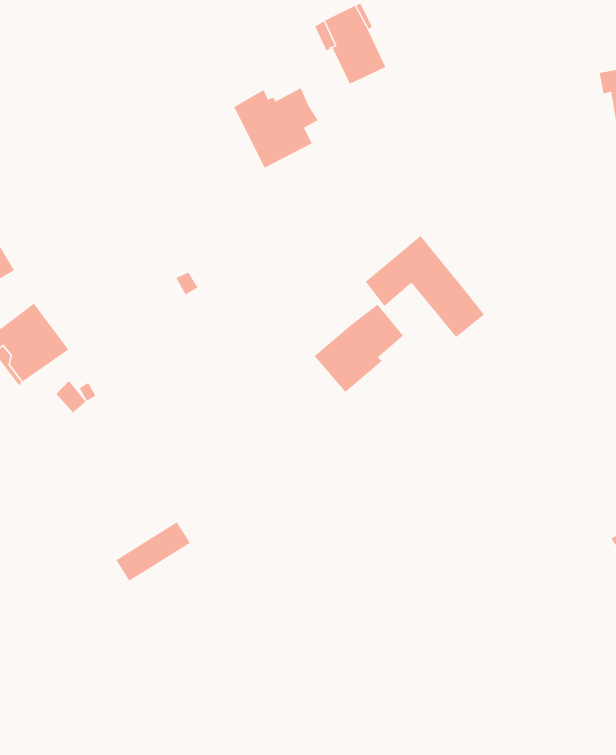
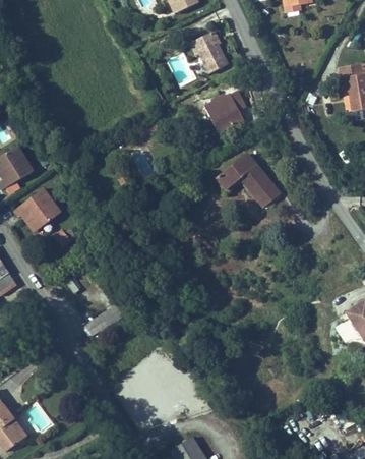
building: [233,87,318,169] -> [201,90,246,132]
building: [314,304,404,393] -> none

